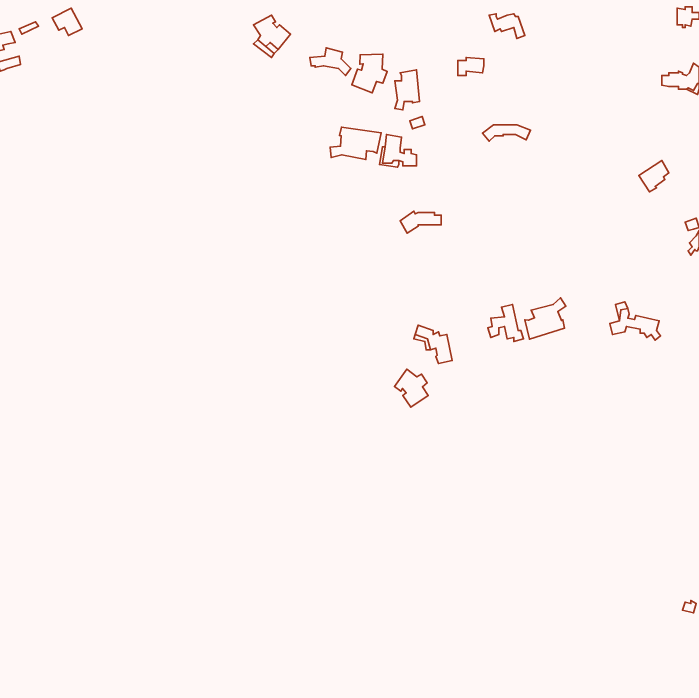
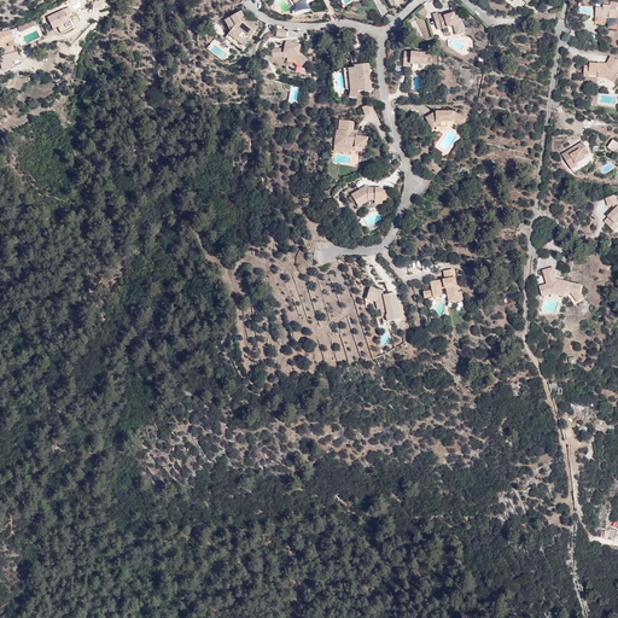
building: [352,54,387,93] -> none
building: [330,127,381,160] -> none
building: [525,298,566,339] -> none
building: [394,369,428,407] -> none

